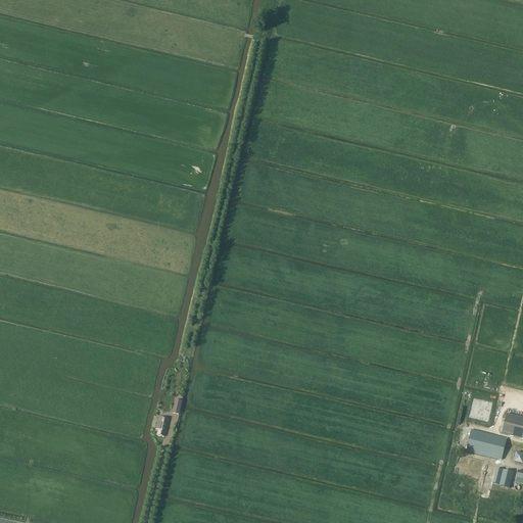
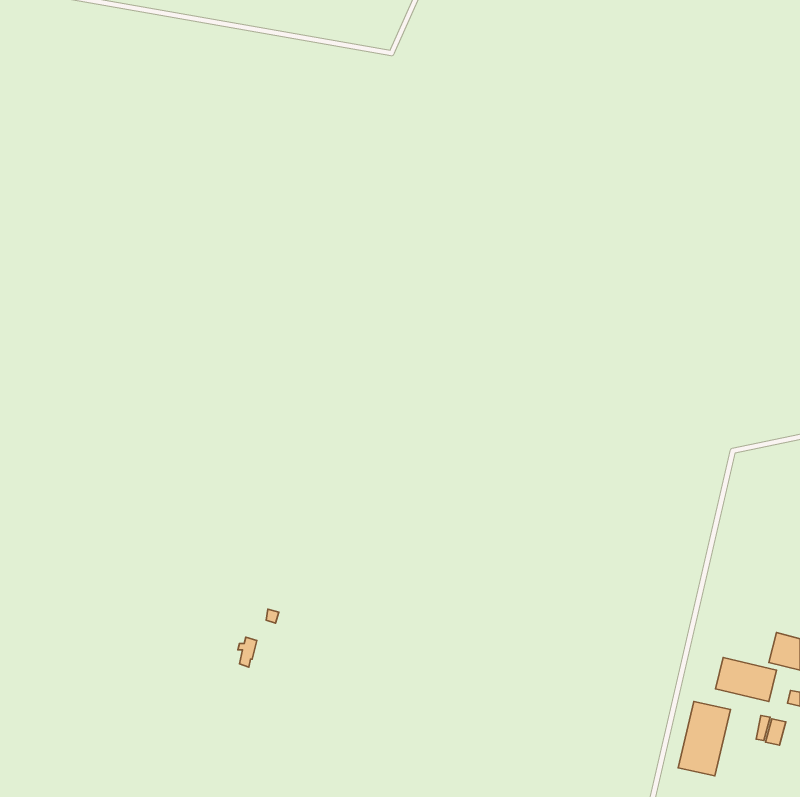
building: none -> [678,702,730,776]

